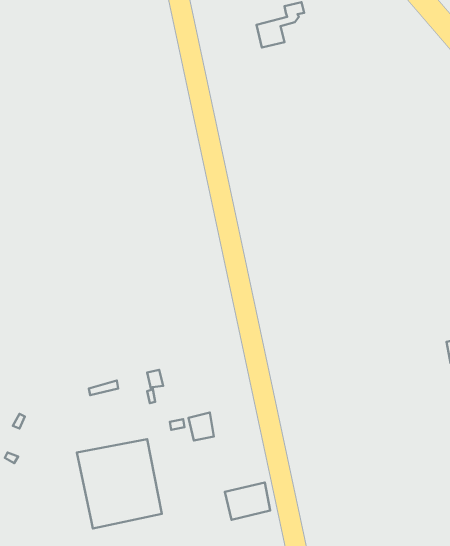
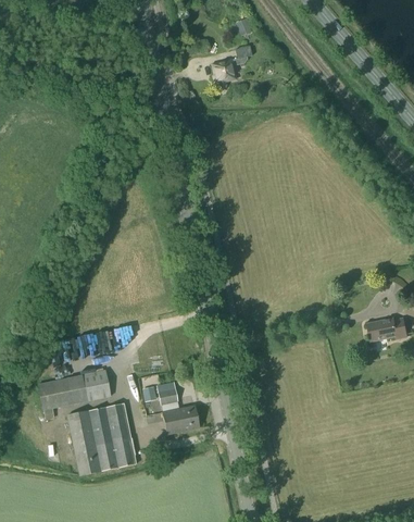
building: none -> [36,369,110,409]
building: [225,482,270,520] -> [162,403,199,434]

